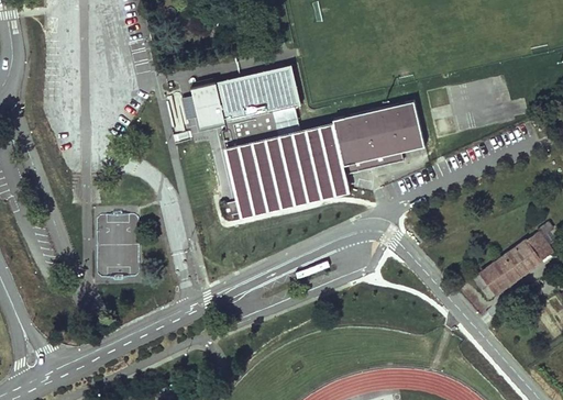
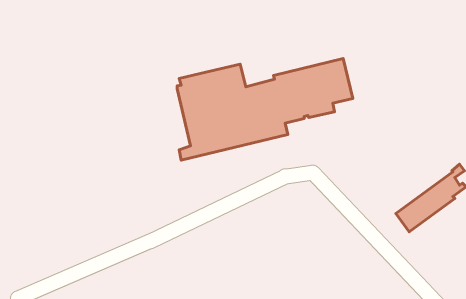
building: [189,66,300,129] -> none

